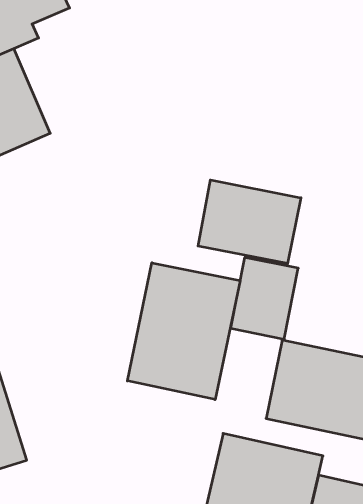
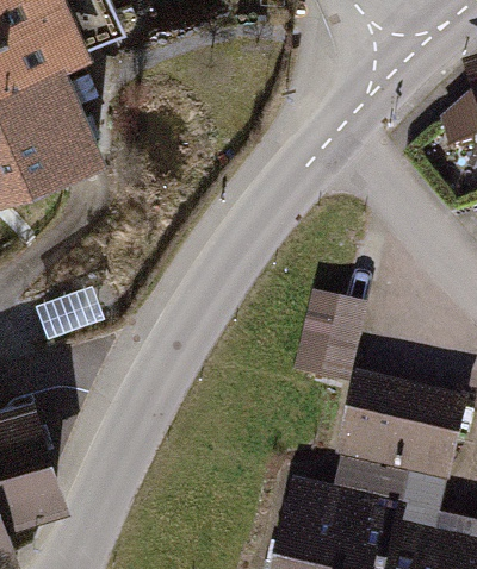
building: [198,180,301,264] -> none
building: [127,263,240,400] -> none

